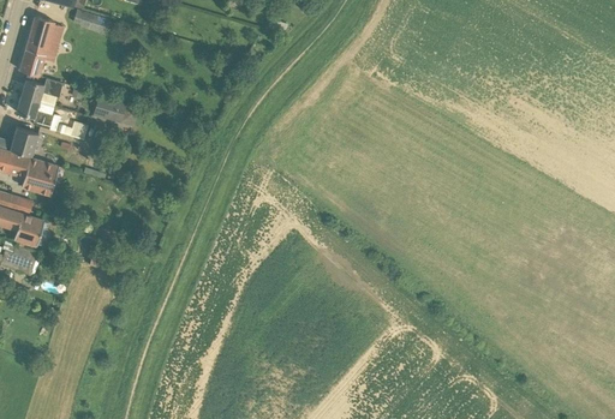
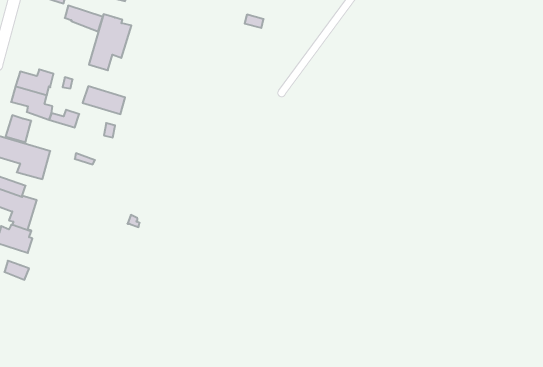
building: [19,16,65,76] -> [89,14,131,70]

